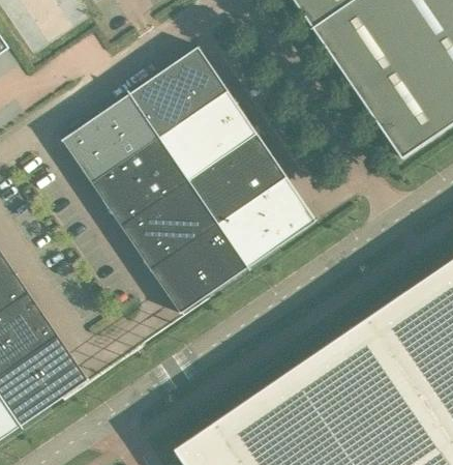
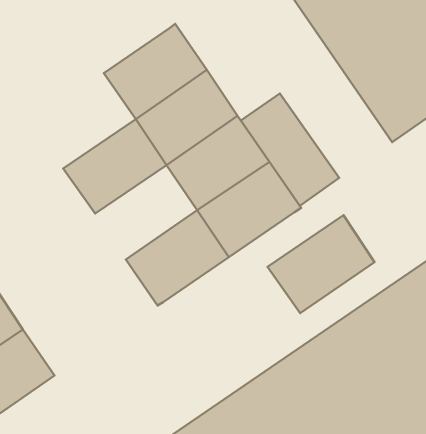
building: [63,93,161,183] -> none
building: none -> [241,93,339,206]
building: [123,180,219,269] -> none
building: none -> [268,215,374,313]

